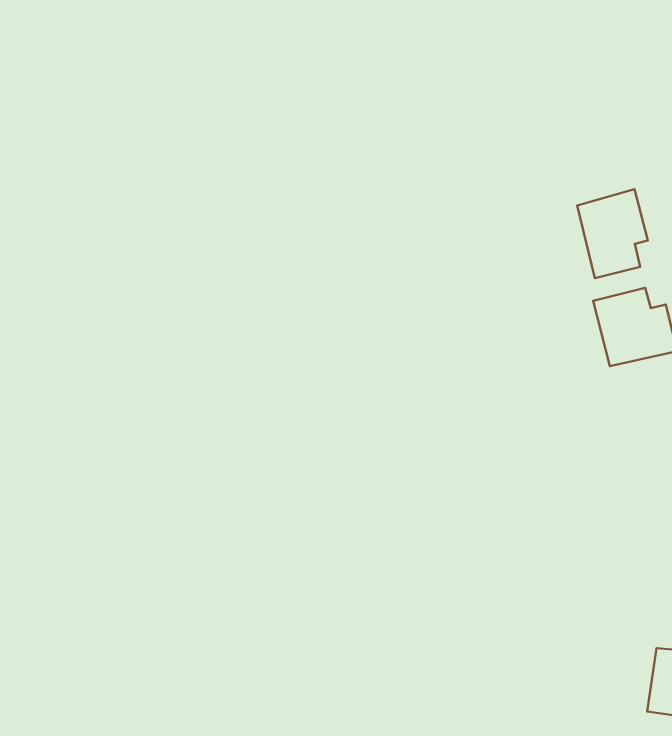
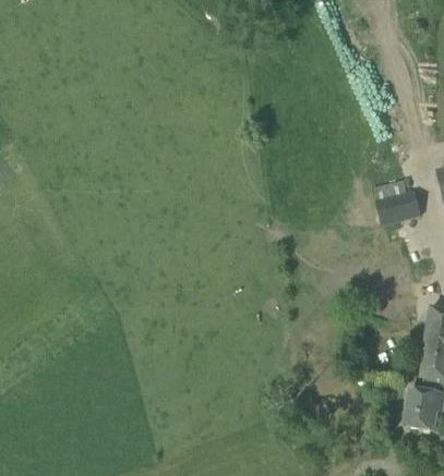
building: [577,189,648,278] -> none

